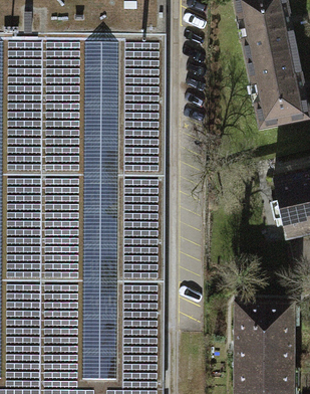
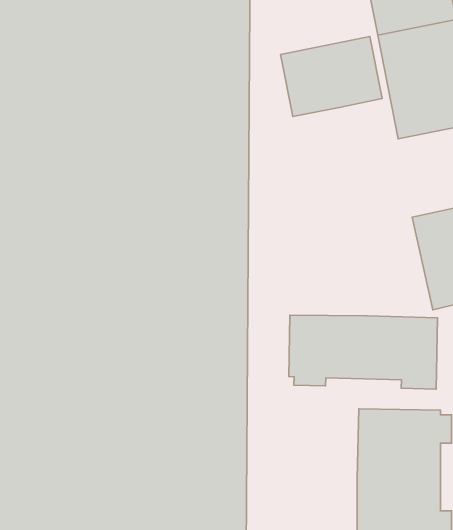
building: none -> [281,36,382,117]
building: none -> [289,315,438,389]

